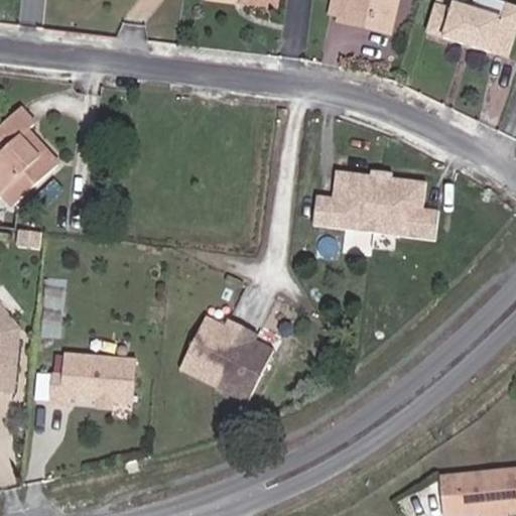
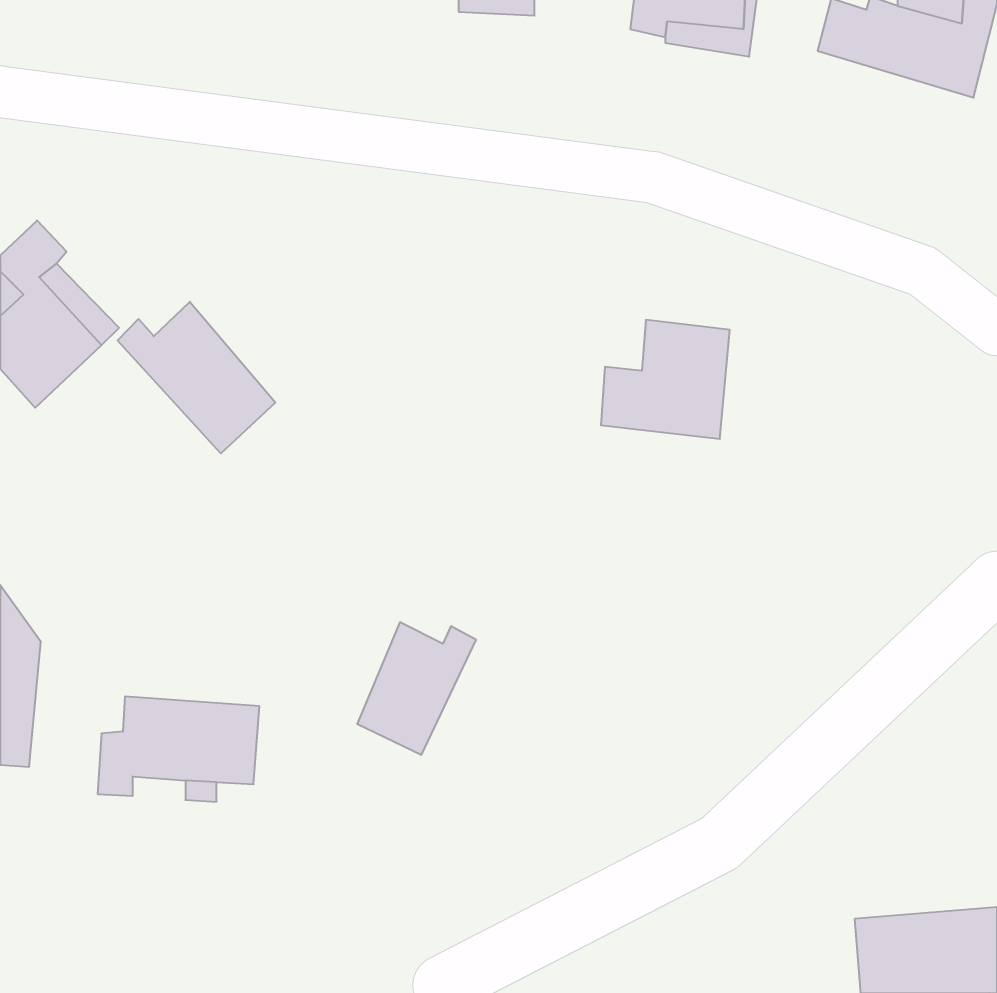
building: none -> [118,302,275,453]
building: [372,170,435,234] -> none
building: [218,331,275,405] -> none

